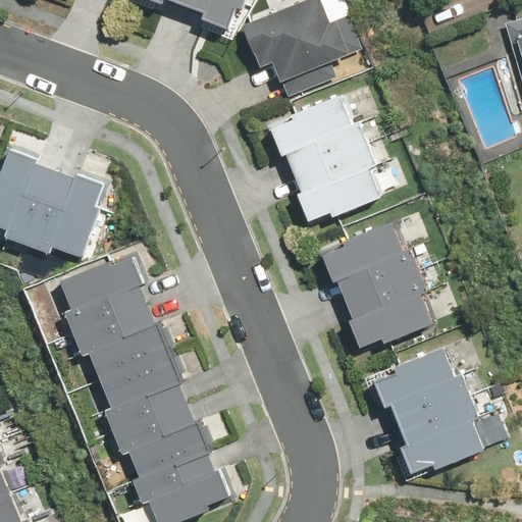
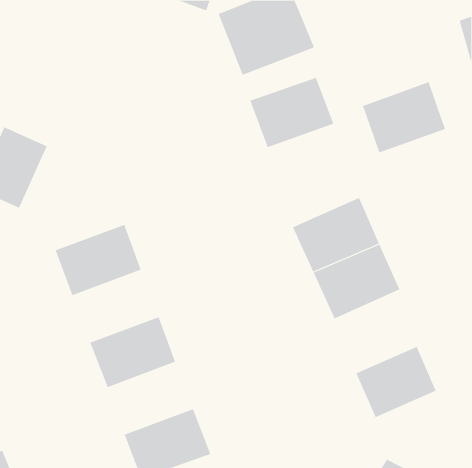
building: [293,144,384,222] -> [362,82,446,153]
building: [21,168,99,258] -> none
building: [79,304,174,383] -> none
building: [368,338,457,417] -> none
building: [117,405,212,484] -> none

